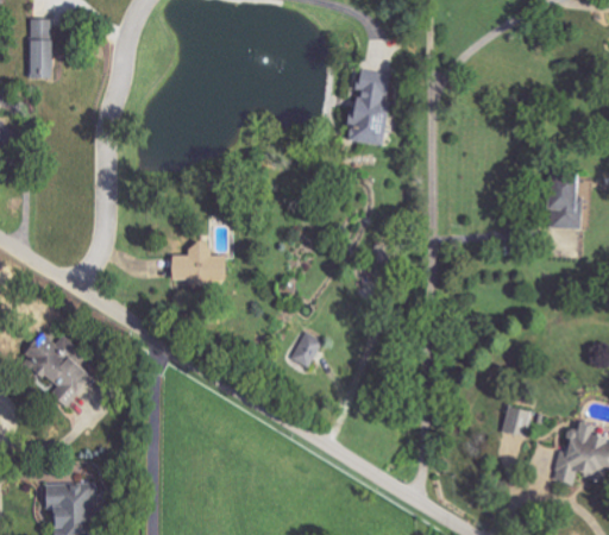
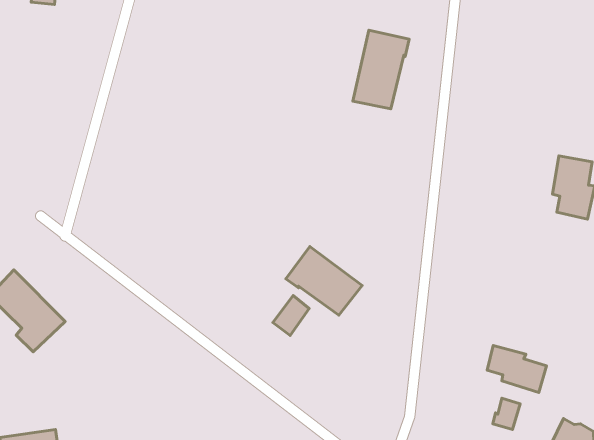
building: [169,241,221,284] -> none
building: none -> [286,246,362,315]
building: none -> [487,345,547,392]

